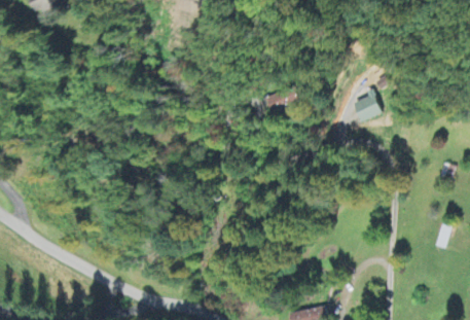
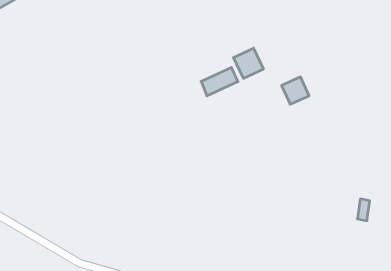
building: none -> [234,48,263,78]

